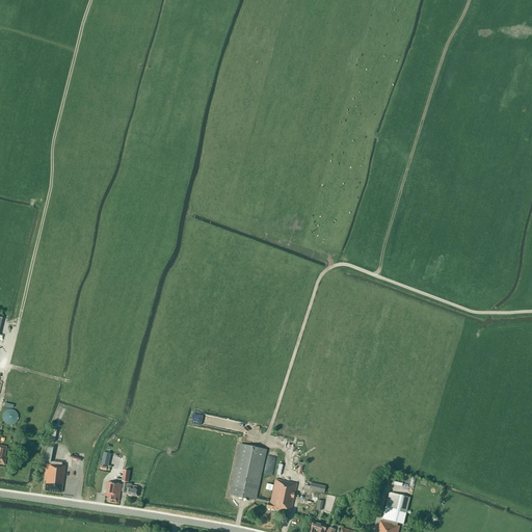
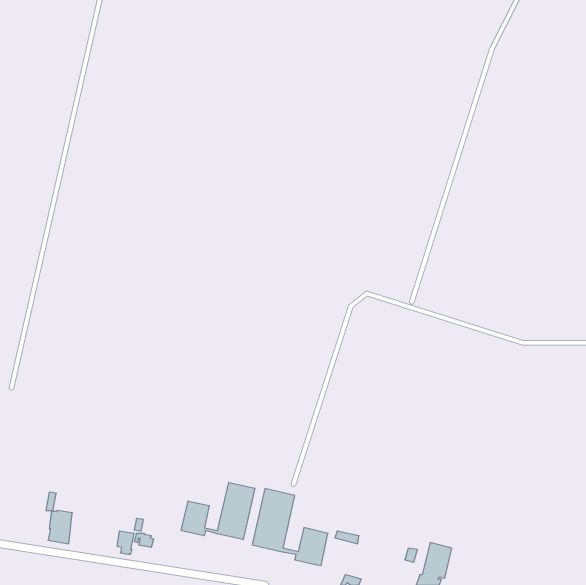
building: none -> [181,482,255,540]

